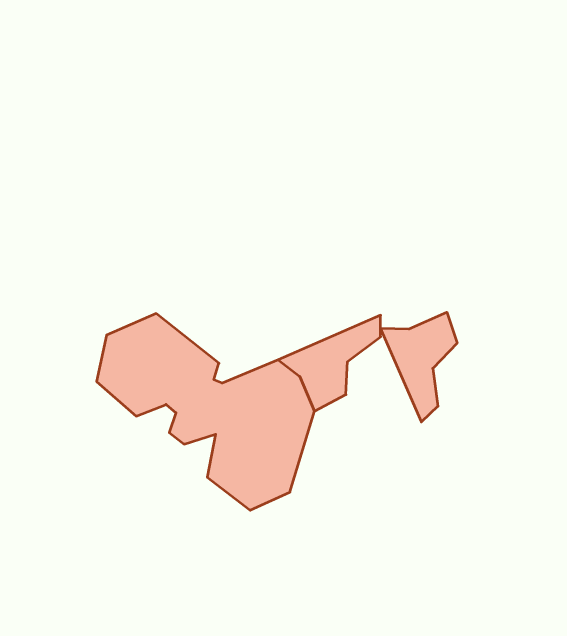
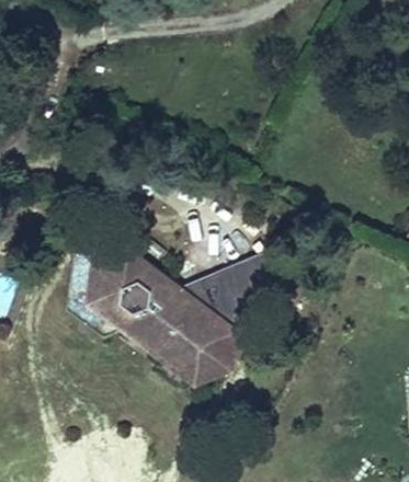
building: [381,312,457,422] -> none

